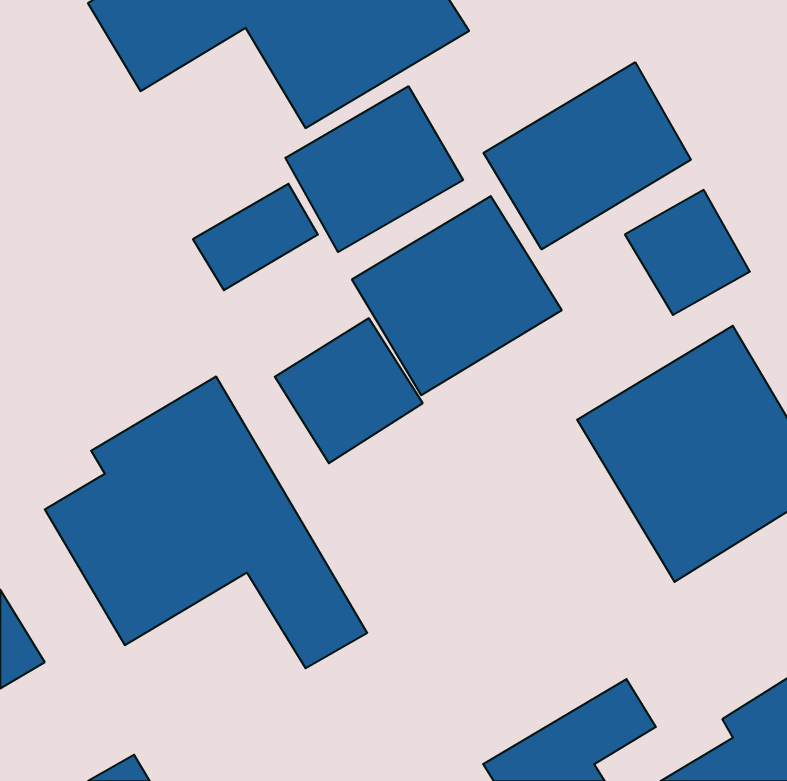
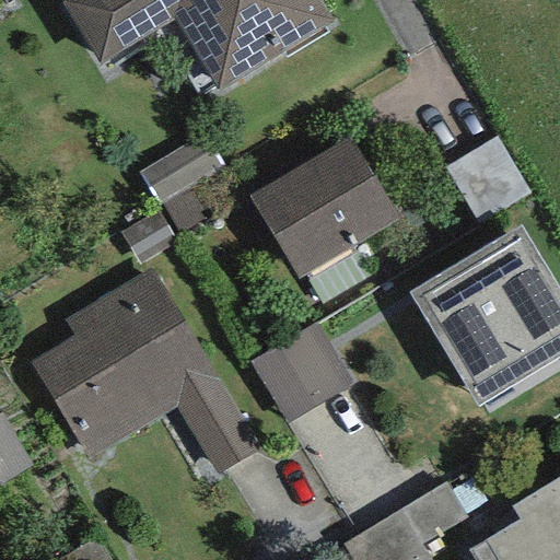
building: [484,62,691,249] -> none
building: [285,86,463,252] -> none
building: [275,318,423,463] -> [250,322,355,424]

